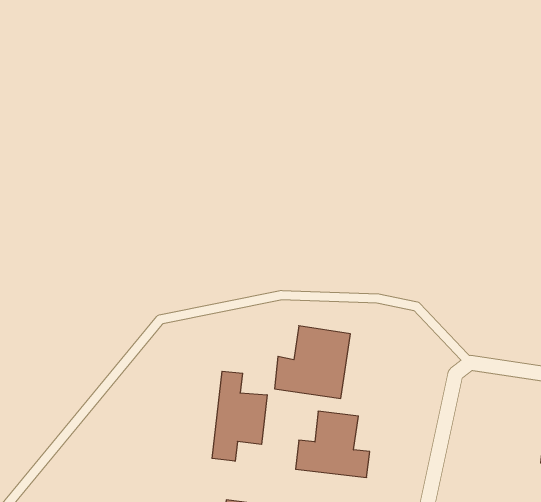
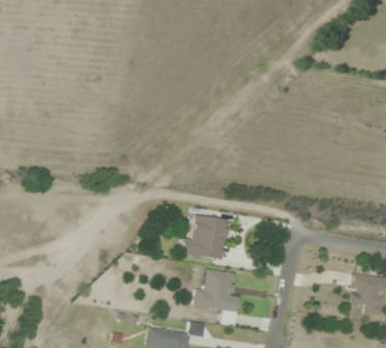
building: [212,371,267,461] -> none

